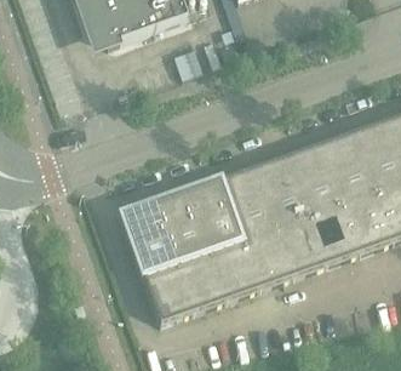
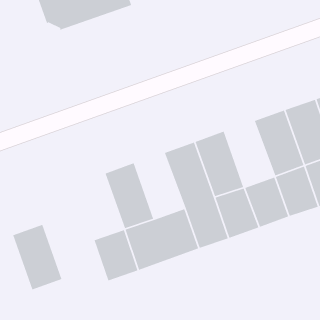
building: [288,141,344,215] -> none
building: [189,176,245,250] -> none
building: [122,199,178,273] -> [12,224,63,291]

